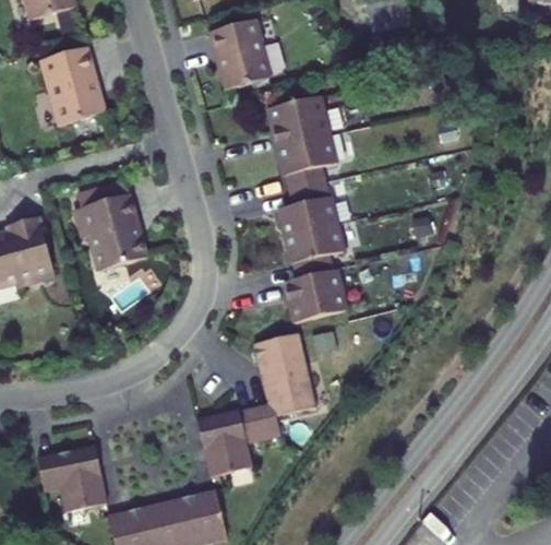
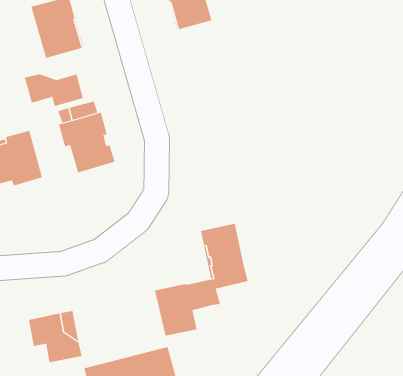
building: [267,95,345,321] -> none
building: none -> [24,73,84,107]

